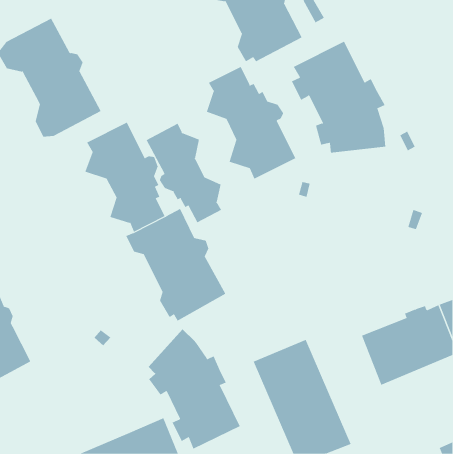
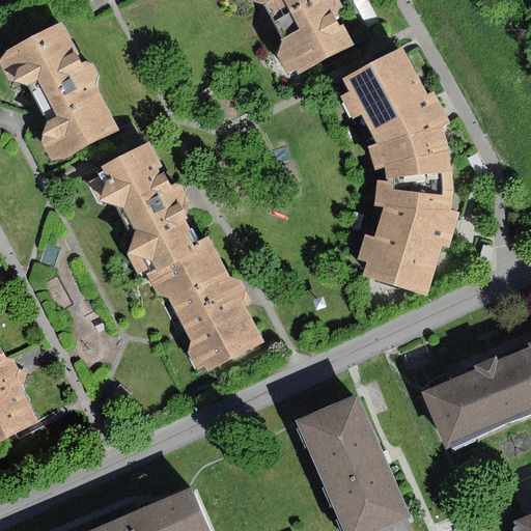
building: [206,66,296,180] -> none
building: [146,123,222,223] -> none
building: none -> [356,171,458,296]
building: [148,328,241,449] -> none

